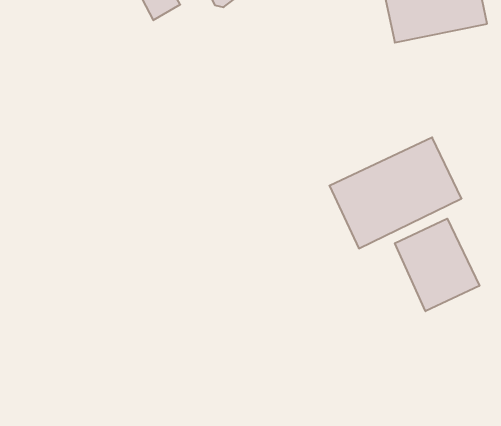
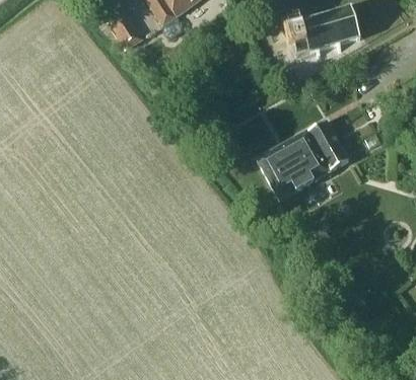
building: [395,219,479,311] -> none

